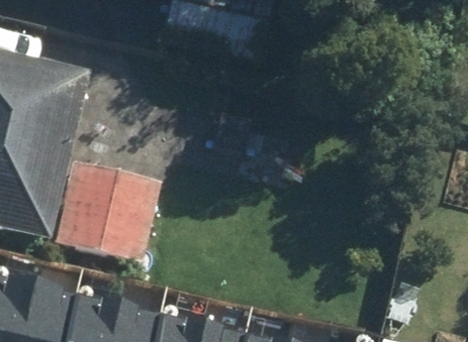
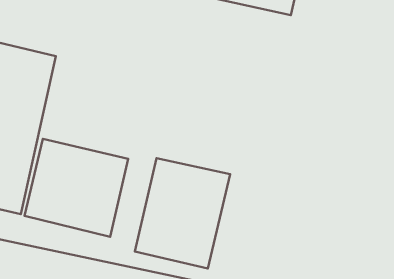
building: none -> [135,158,230,269]

